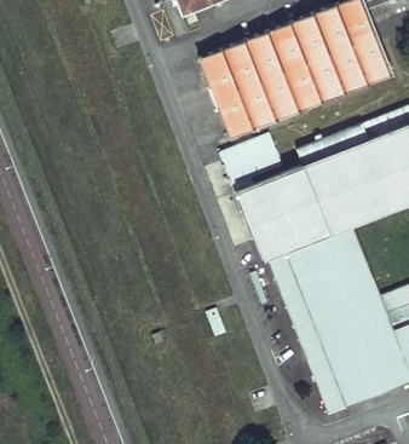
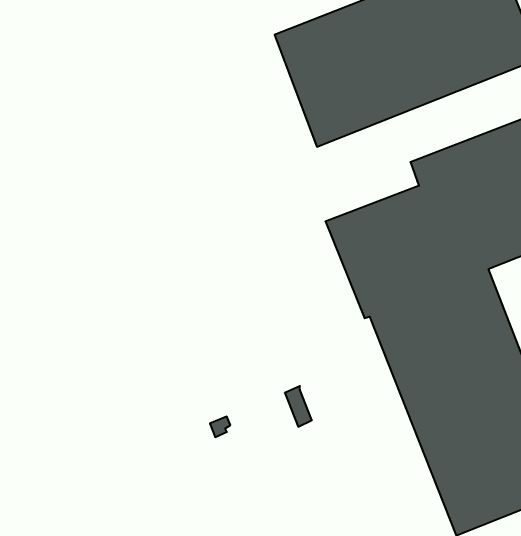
building: [221,133,282,184] -> none

